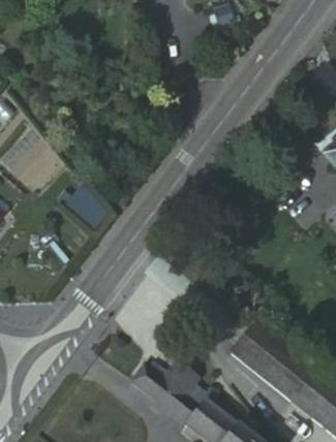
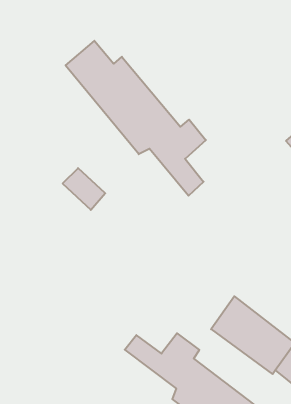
building: none -> [66,41,206,196]

